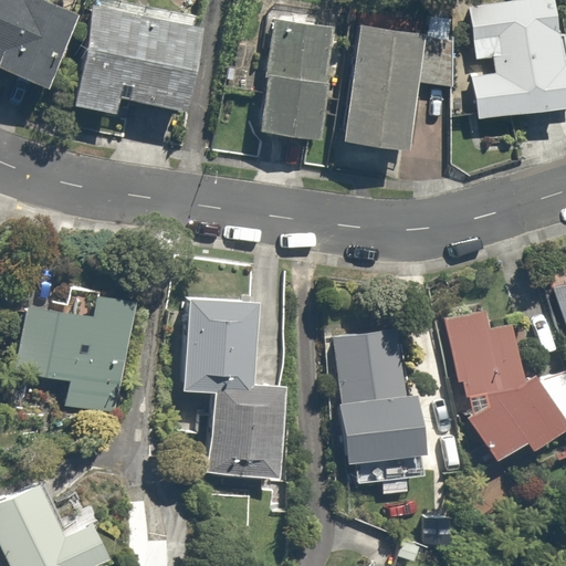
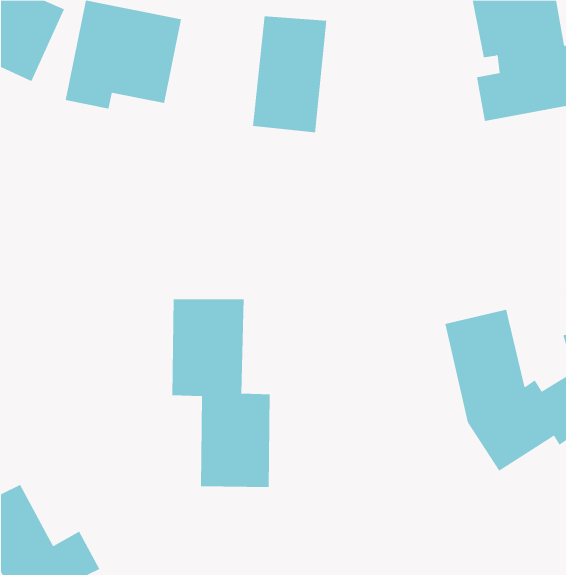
building: [344,18,463,143] -> none
building: [27,297,138,419] -> none
building: [336,326,422,486] -> none

